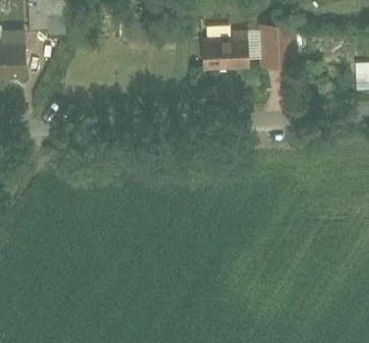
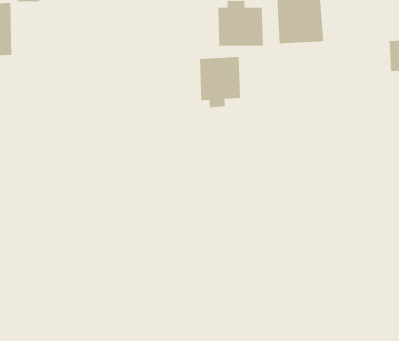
building: none -> [199,56,241,108]

